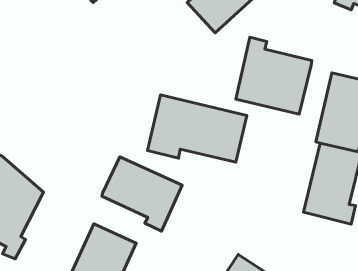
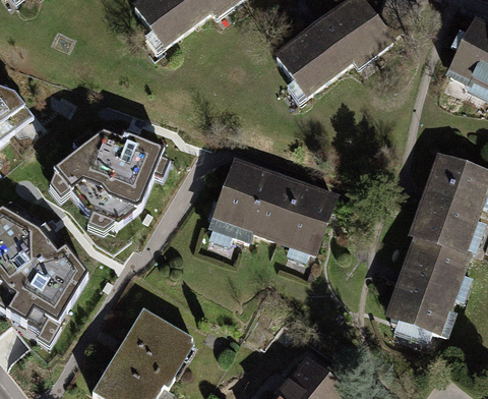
building: [236,37,312,114] -> none
building: none -> [50,123,165,231]
building: [102,157,182,231] -> none

